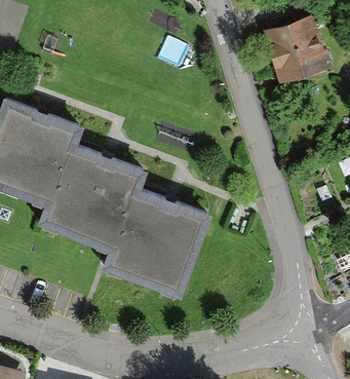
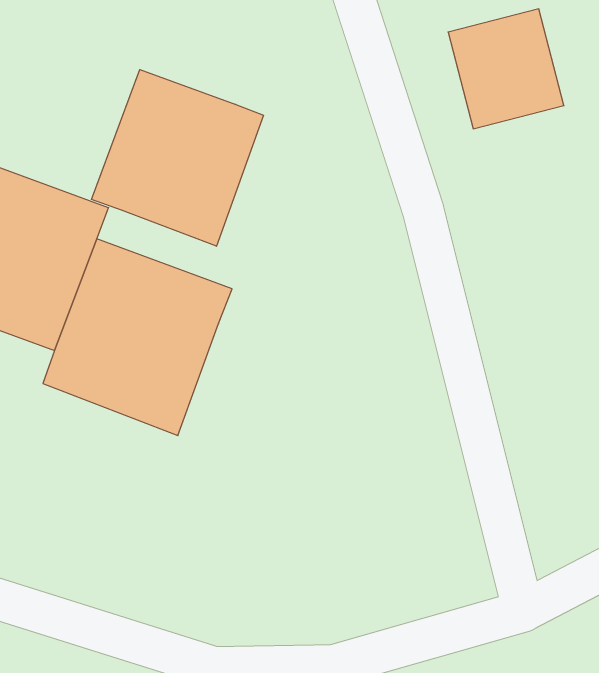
building: none -> [91,70,263,246]
building: [112,186,211,290] -> none

